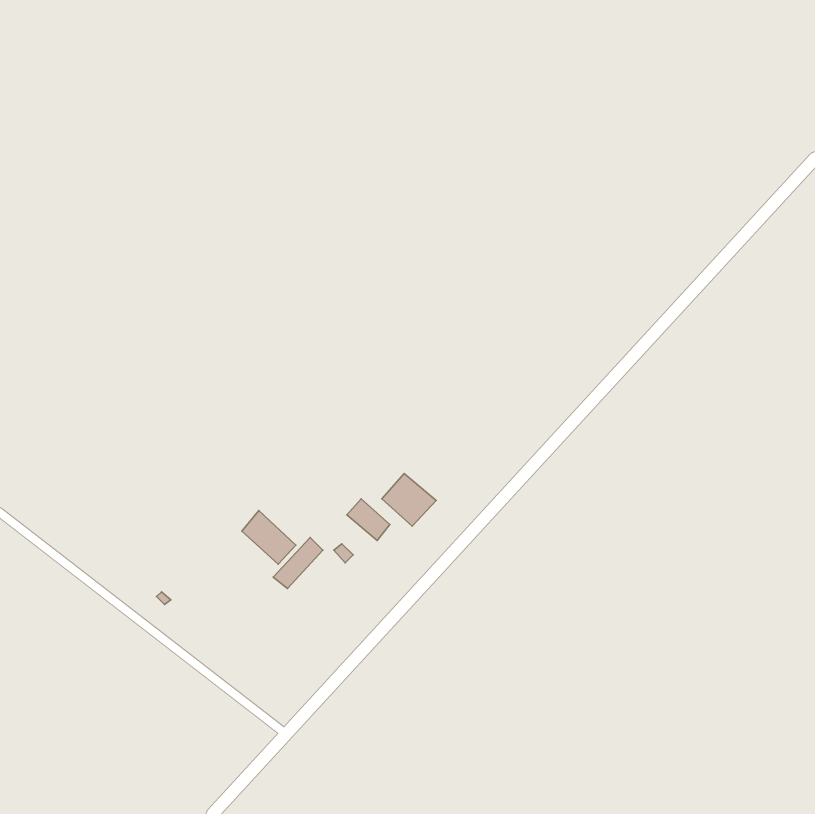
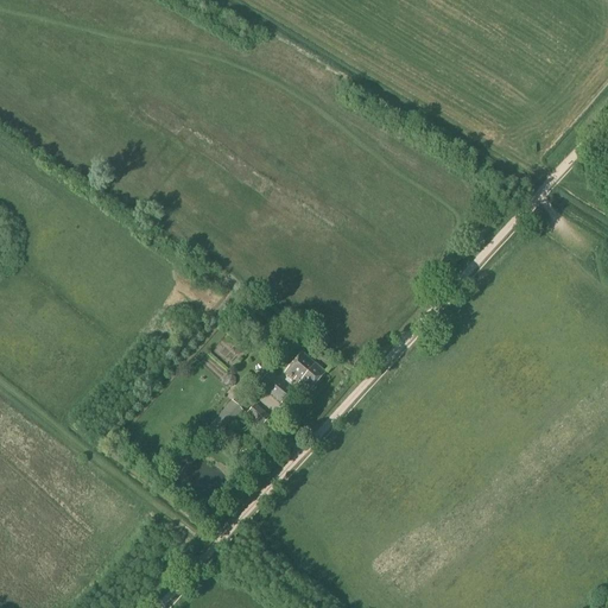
building: [242,510,296,564] -> none

